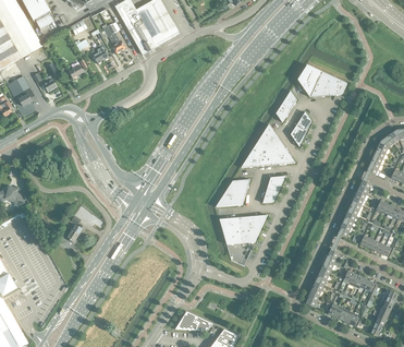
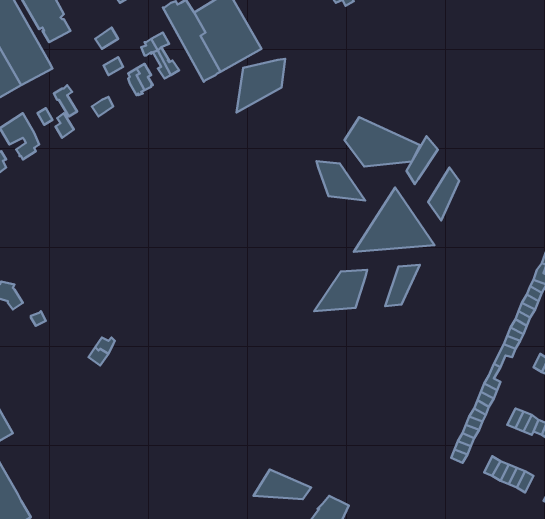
building: none -> [237,59,285,113]
building: [296,64,346,97] -> [344,117,420,166]
building: none -> [316,161,365,200]
building: [219,215,267,244] -> none

